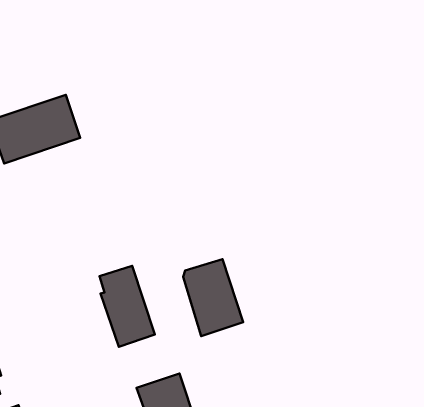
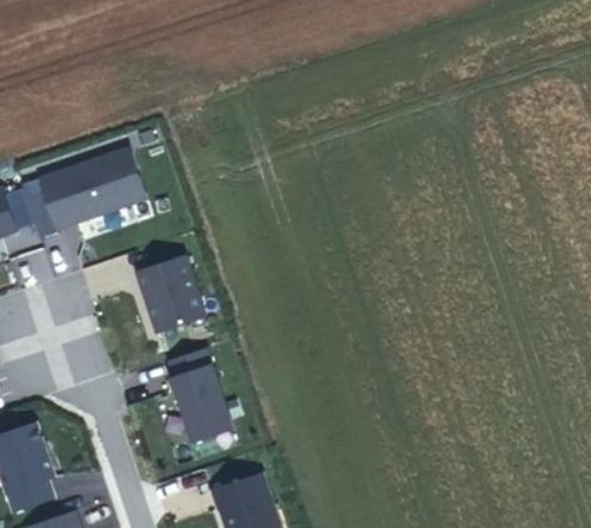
building: none -> [136,256,206,333]
building: [183,259,243,336] -> none

